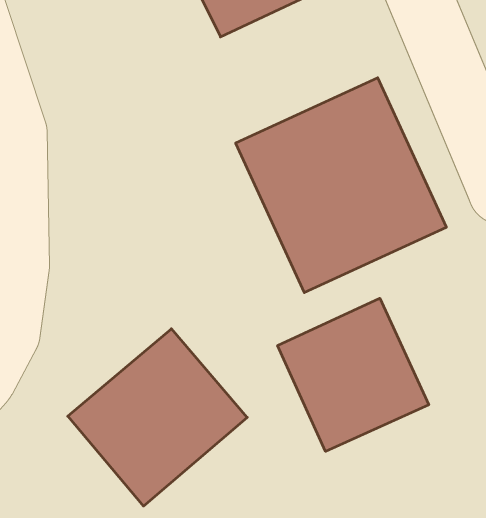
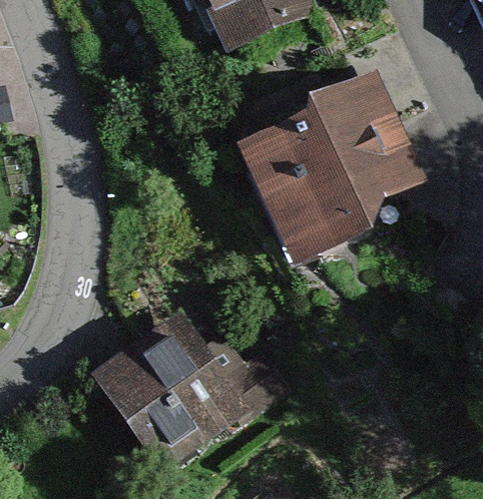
building: [278,298,429,451] -> none

